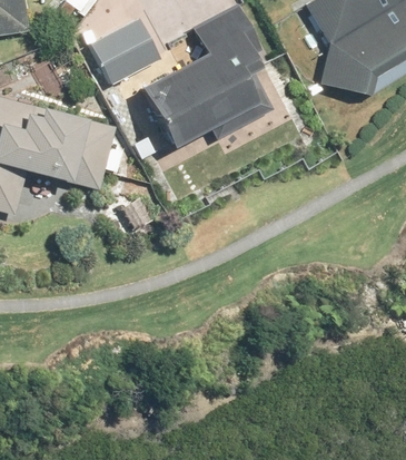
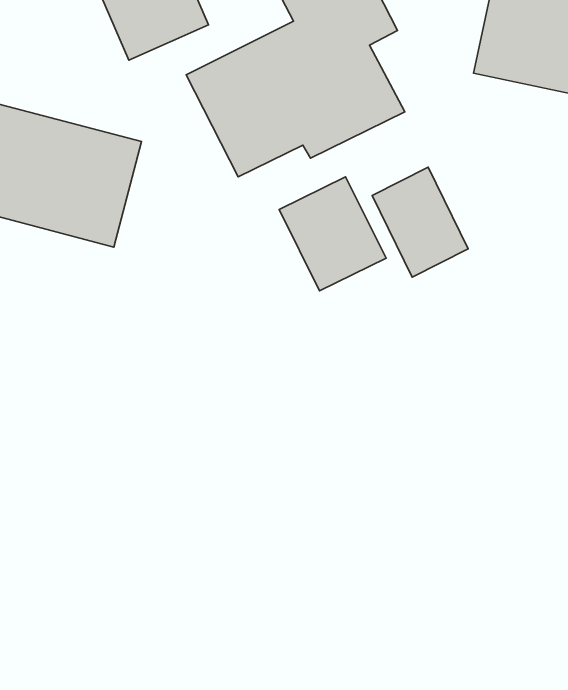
building: none -> [372,167,468,277]
building: none -> [279,177,386,291]

